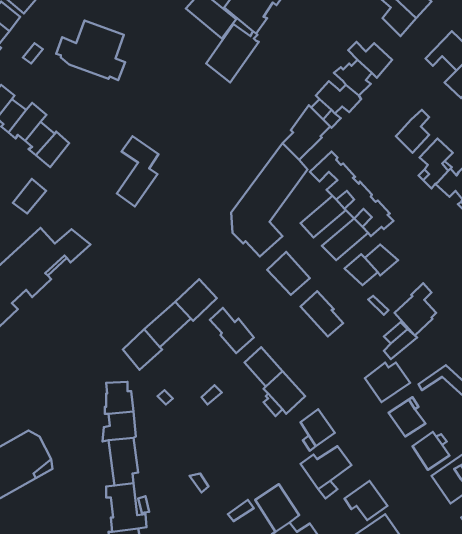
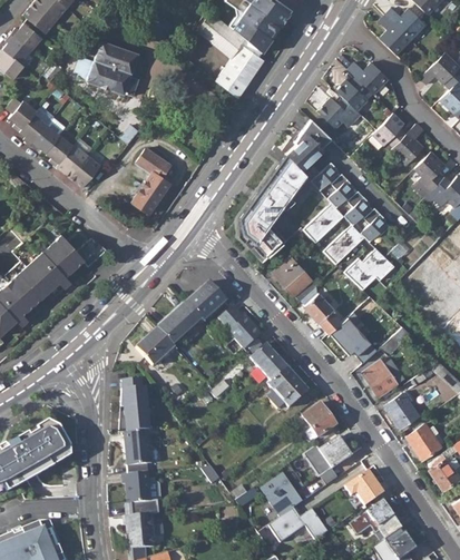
building: none -> [373,112,407,146]
building: [13,179,46,213] -> [69,155,100,187]
building: [394,283,436,335] -> [334,313,373,362]

